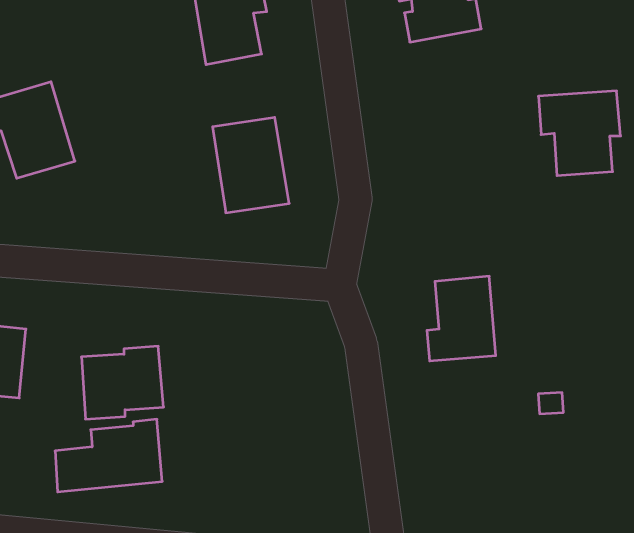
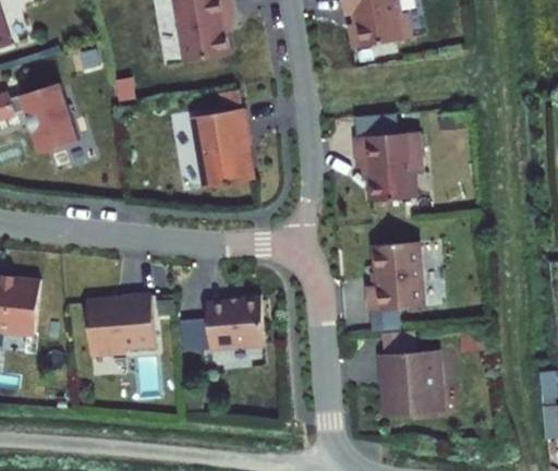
building: [538,91,621,176] -> [356,131,424,201]
building: none -> [383,349,445,415]
building: [55,419,162,492] -> [175,294,264,354]

